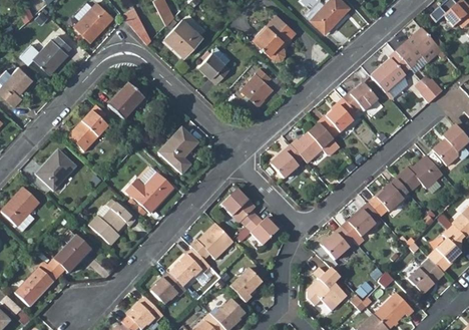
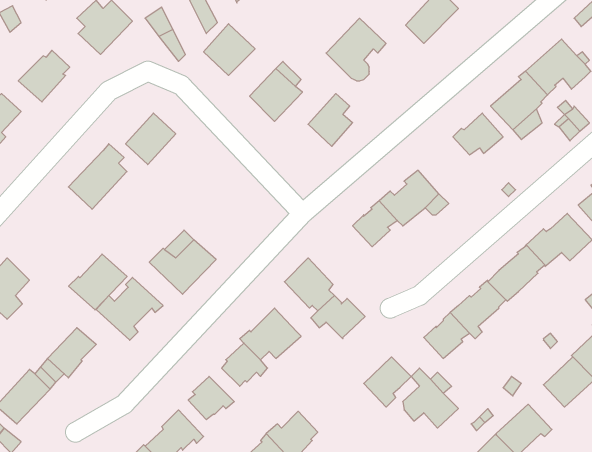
building: [327,99,359,132] -> none
building: [158,127,198,175] -> none
building: [34,149,76,190] -> [69,254,127,310]
building: [229,267,264,303] -> [364,357,411,407]

